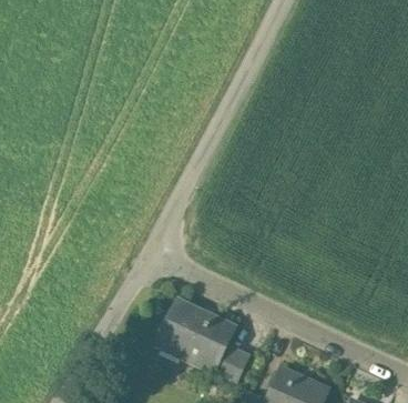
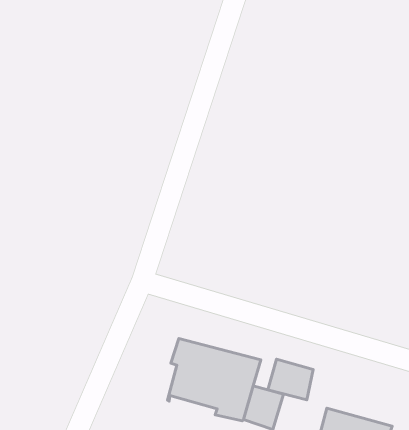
building: none -> [268,359,313,400]

